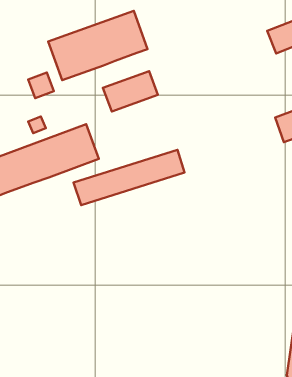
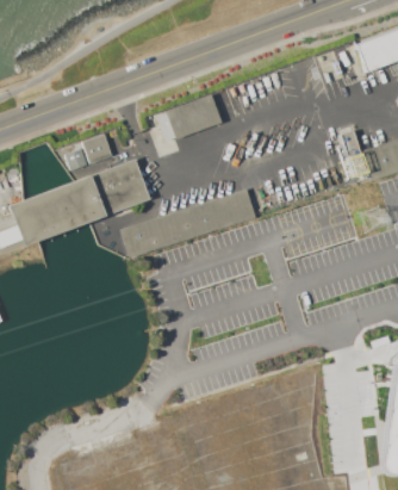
building: [48,11,148,80] -> none
building: [28,73,54,98] -> [82,132,113,163]

